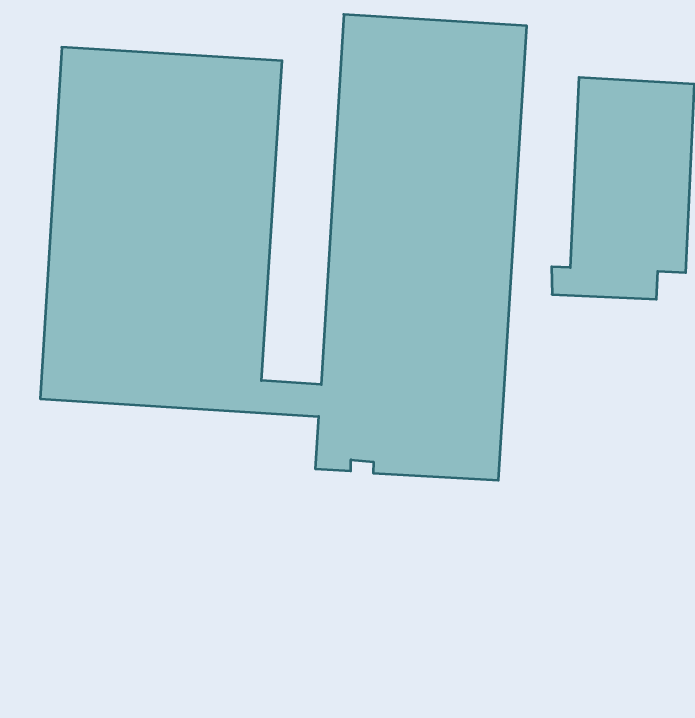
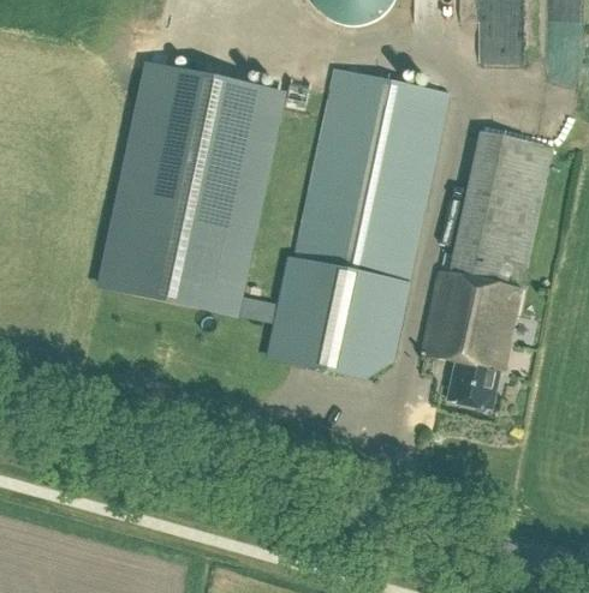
building: none -> [420,268,520,411]

